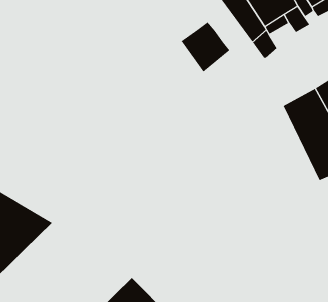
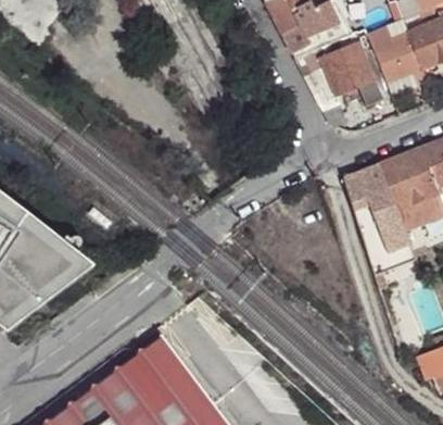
building: [181,21,230,72] -> none

